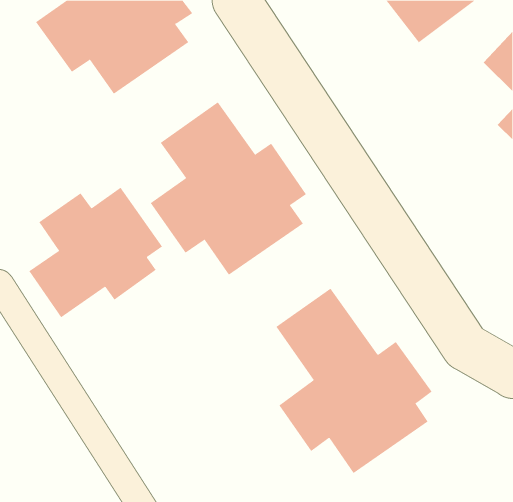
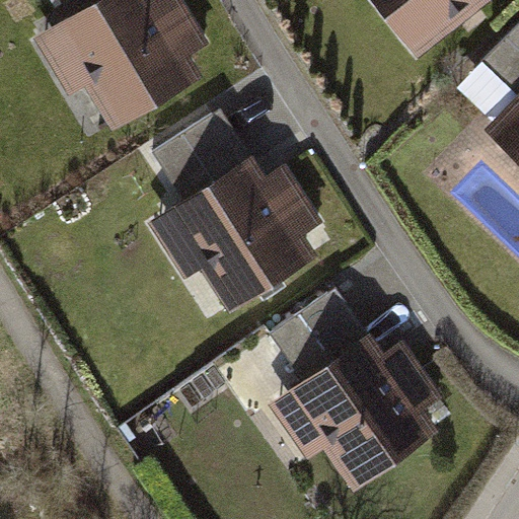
building: [28,187,163,318] -> none

